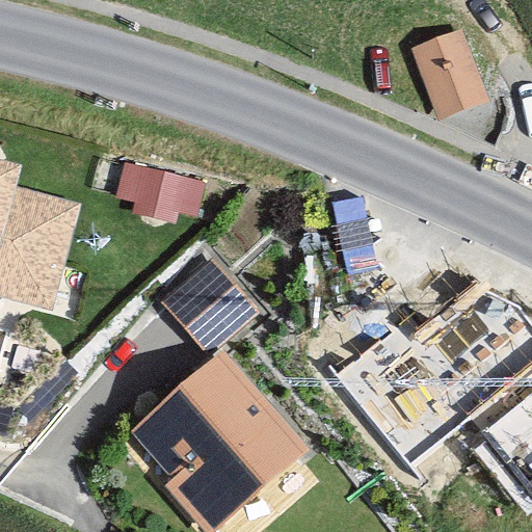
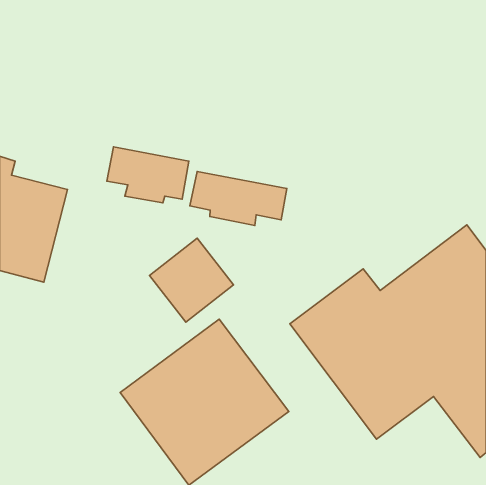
building: [416,30,489,118] -> none
building: none -> [190,171,287,226]

